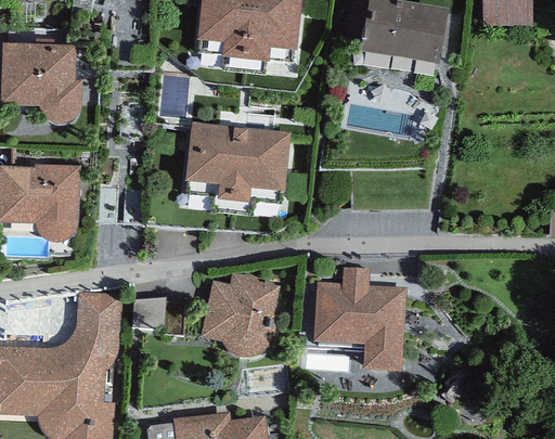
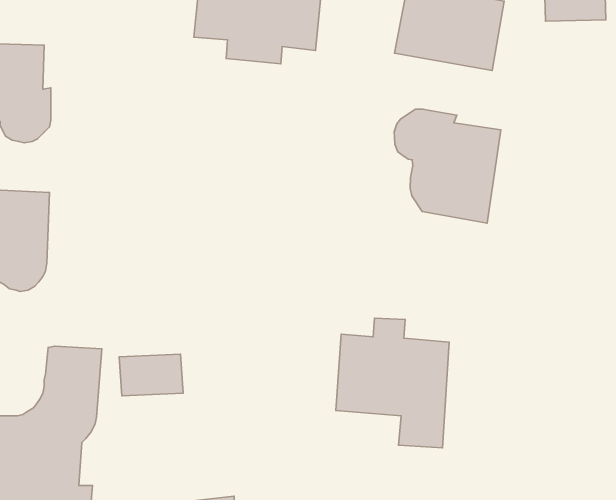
building: none -> [394,109,501,223]
building: [185,120,289,203] -> none
building: [201,271,279,358] -> none

